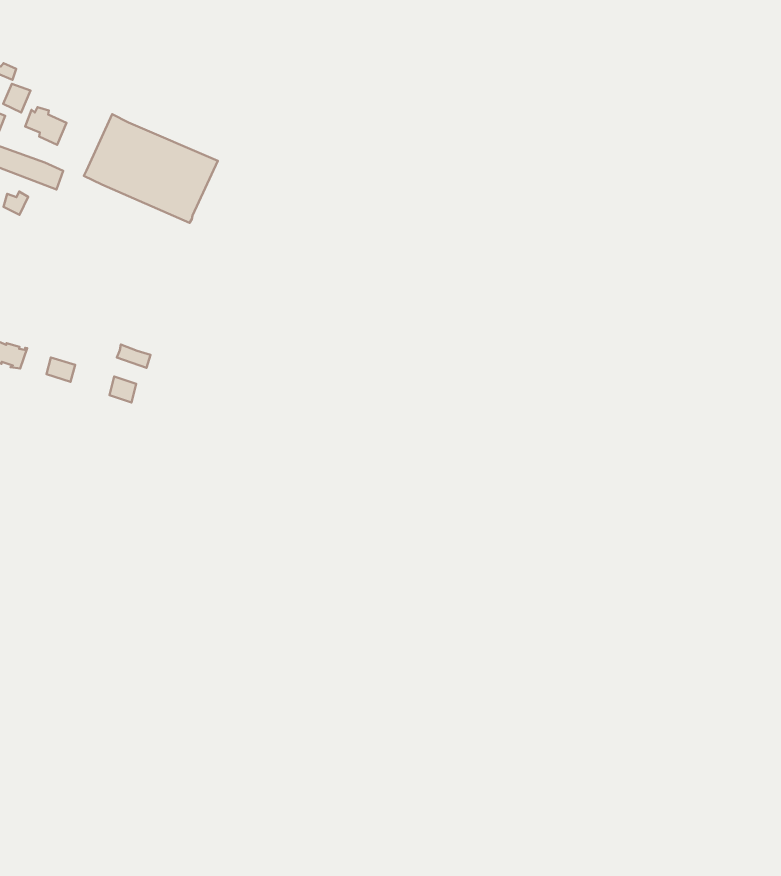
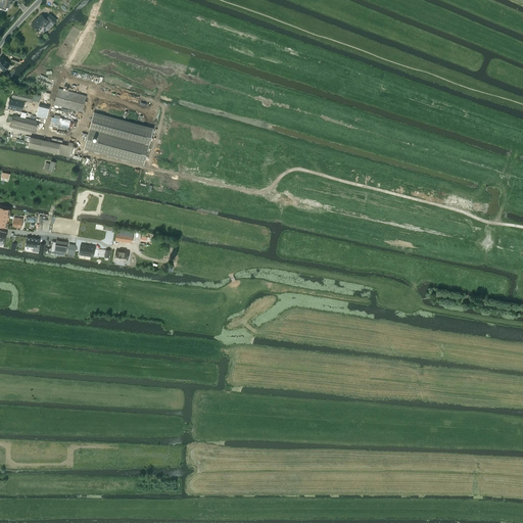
building: none -> [54,88,86,112]

